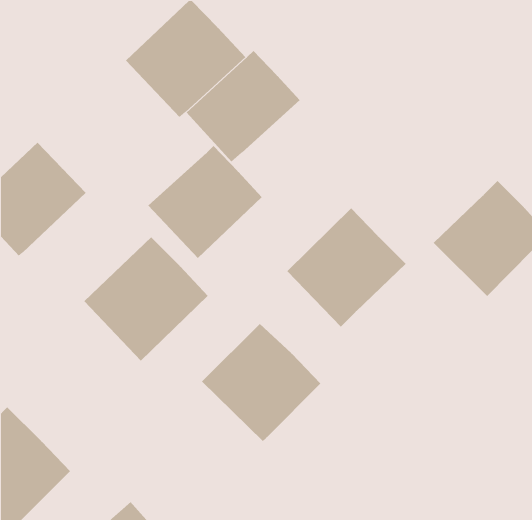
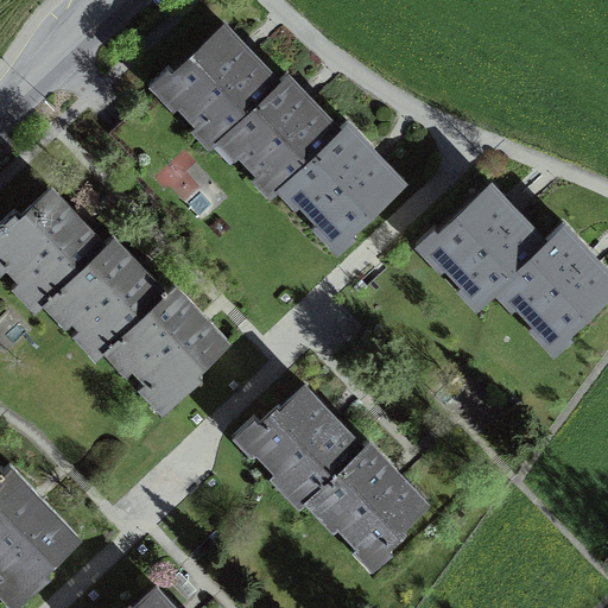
building: [148,145,262,259] -> [277,120,407,249]
building: none -> [27,221,173,366]
building: [287,208,407,327] -> [414,172,551,309]
building: none -> [305,446,435,575]

